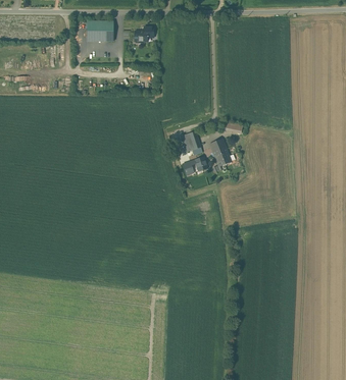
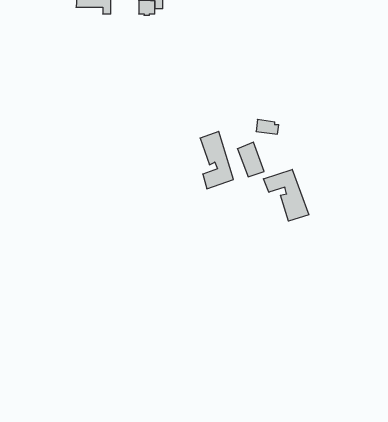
building: none -> [263,169,309,221]

